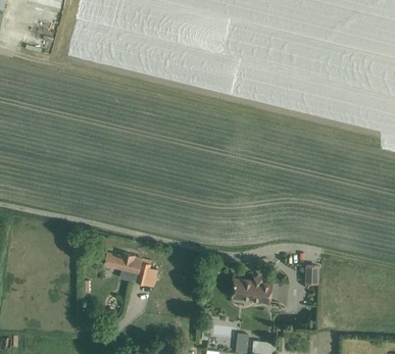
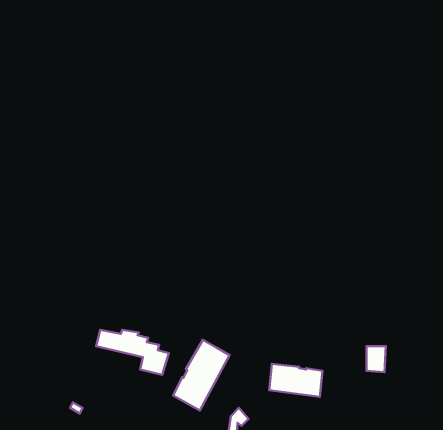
building: none -> [173,340,229,411]

